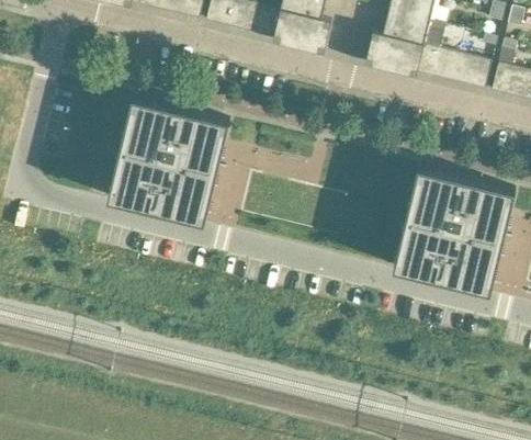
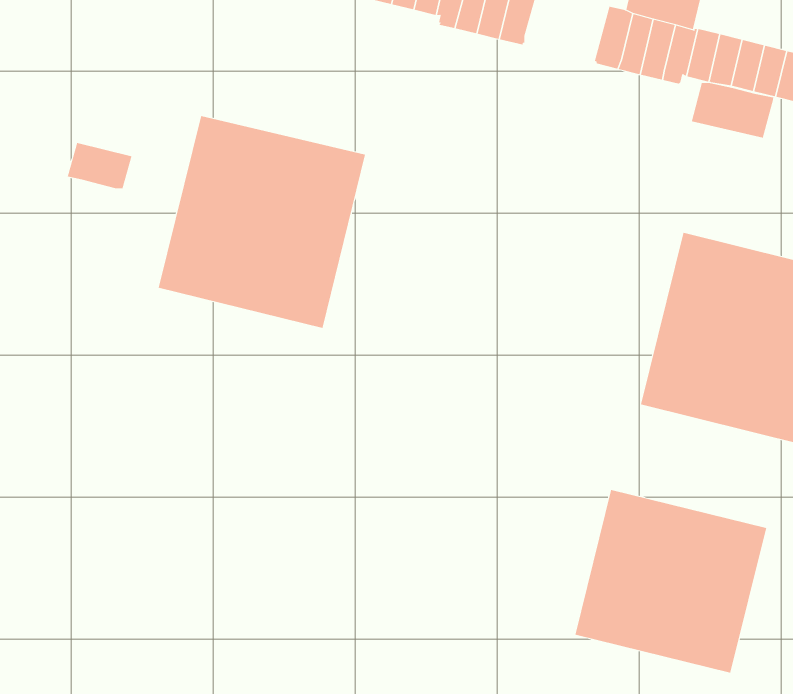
building: none -> [691,82,775,139]
building: none -> [67,142,132,189]
building: none -> [575,489,767,674]

